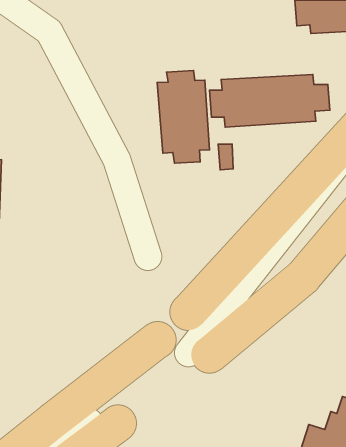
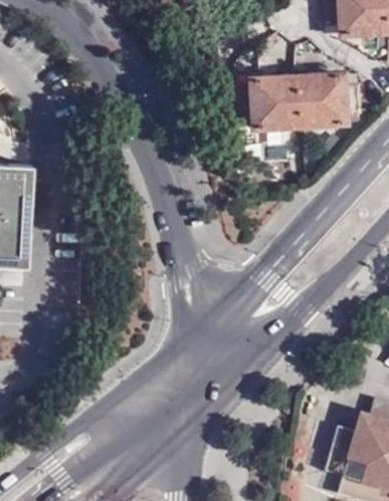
building: [157,71,209,163] -> none

